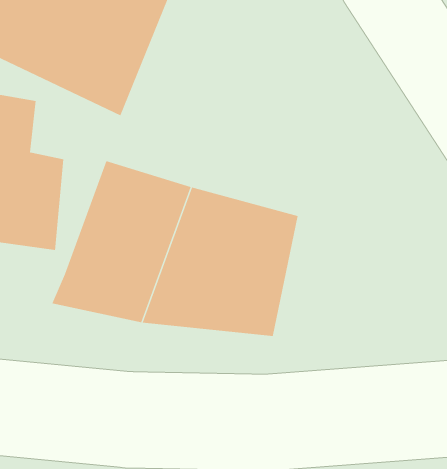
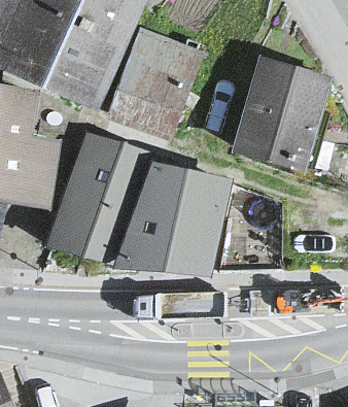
building: none -> [119,40,196,126]
building: none -> [229,68,334,189]

